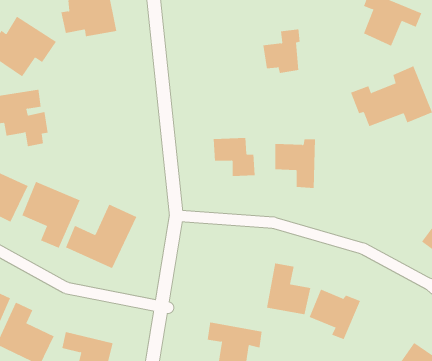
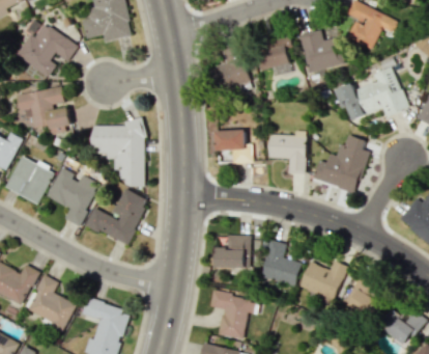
building: none -> [299,29,343,73]
building: none -> [211,45,251,91]
building: none -> [92,119,144,185]
building: none -> [313,135,368,193]
building: none -> [216,235,251,269]
building: none -> [347,276,383,318]

